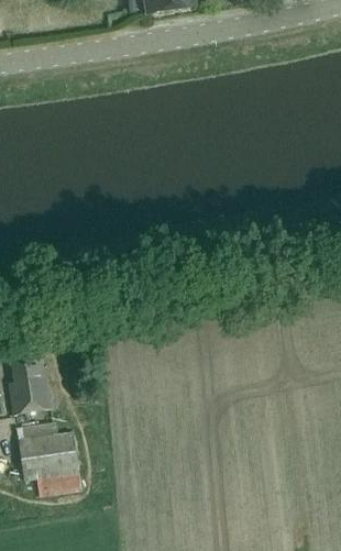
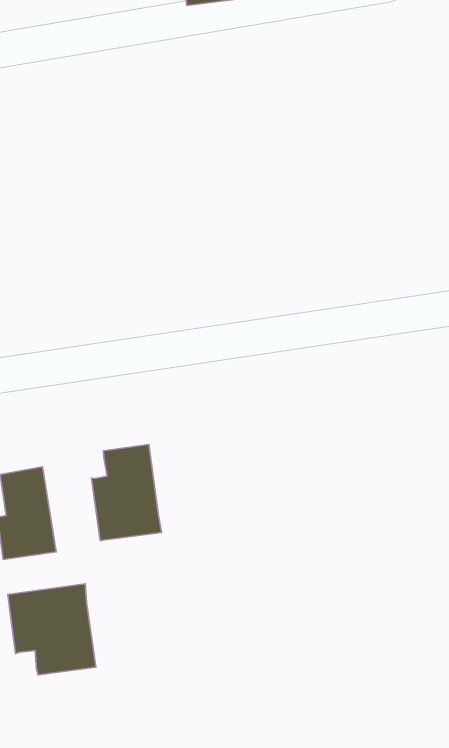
building: none -> [91,444,162,540]

